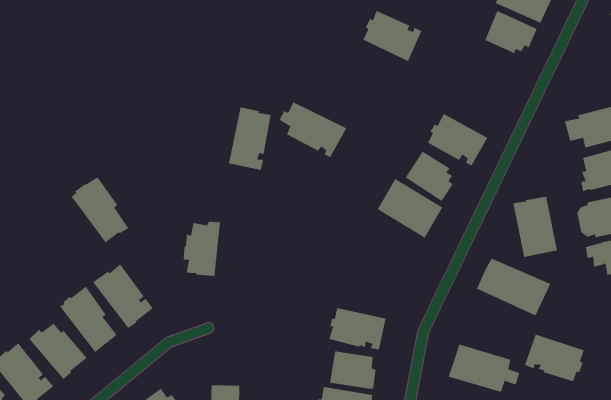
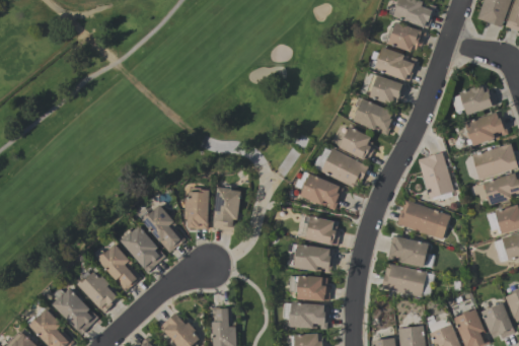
building: [362,10,422,62] -> [374,47,417,82]
building: none -> [369,75,406,107]
building: [279,101,347,158] -> [294,171,344,210]
building: [228,107,271,171] -> [212,187,240,231]
building: [71,176,129,243] -> [142,205,186,253]
building: none -> [305,216,340,247]
building: [524,334,584,382] -> [386,235,429,268]

